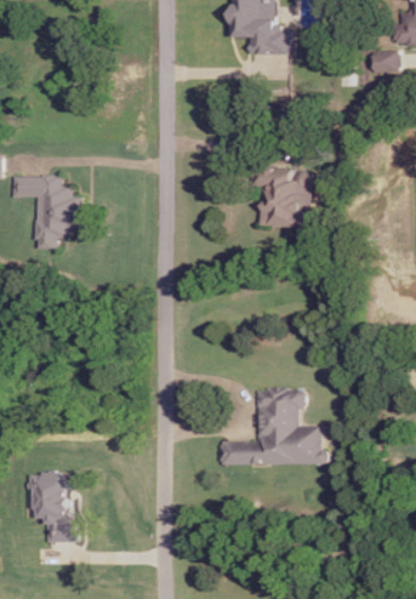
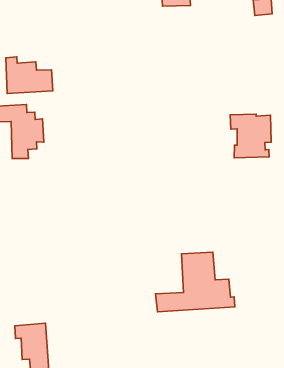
building: none -> [6,57,53,93]
building: [256,167,310,227] -> [230,114,271,158]

